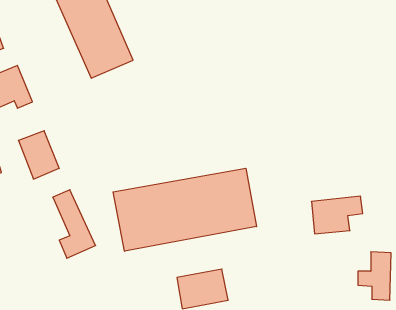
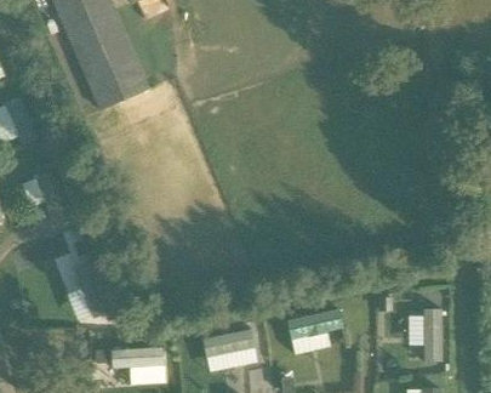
building: [113,168,257,251] -> none
building: [311,196,363,234] -> [286,309,344,352]
building: none -> [108,346,165,368]

